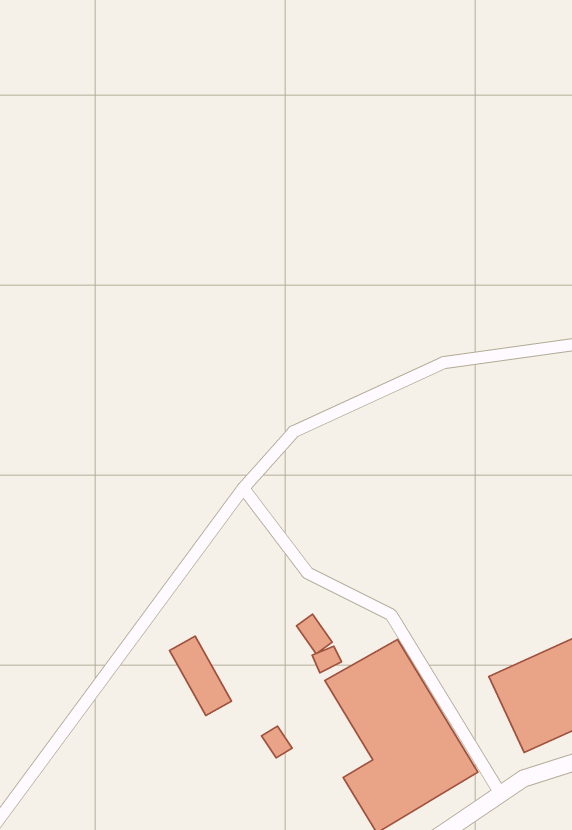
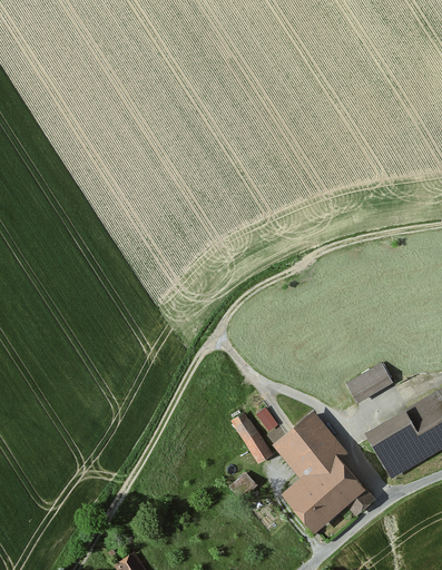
building: none -> [346,363,391,402]
building: [170,636,232,715] -> [230,414,271,461]

